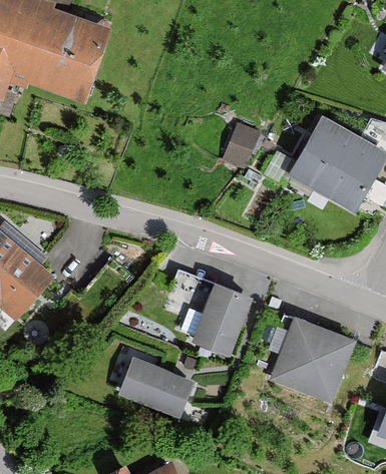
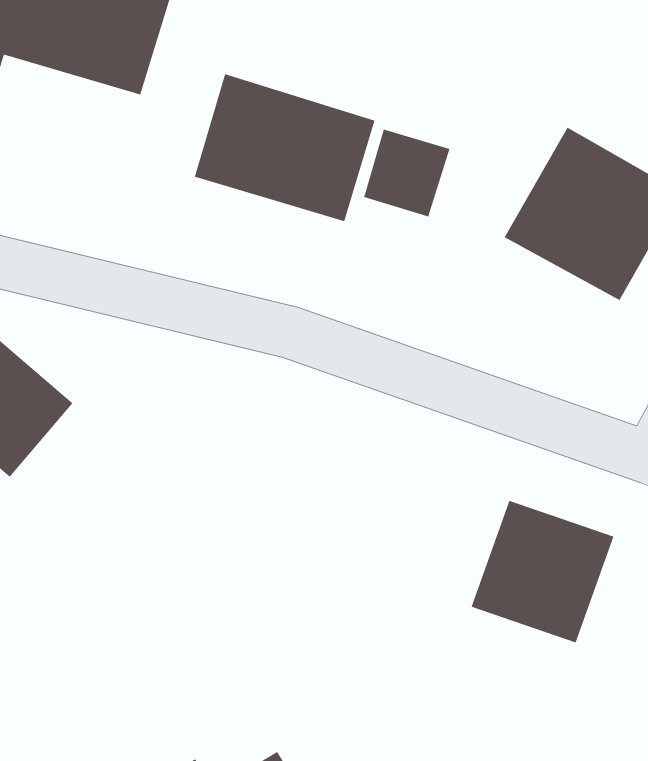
building: none -> [194,73,376,222]
building: [195,276,254,344] -> none
building: [114,356,199,420] -> none

